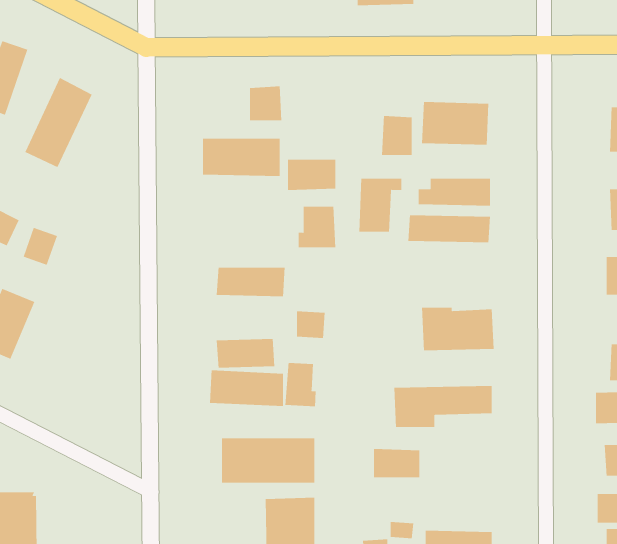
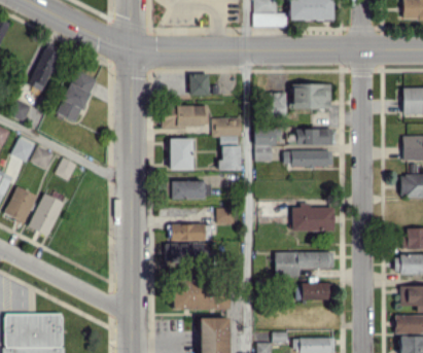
building: none -> [169,138,192,170]
building: [285,362,316,407] -> none
building: [373,448,420,478] -> [301,282,328,299]

